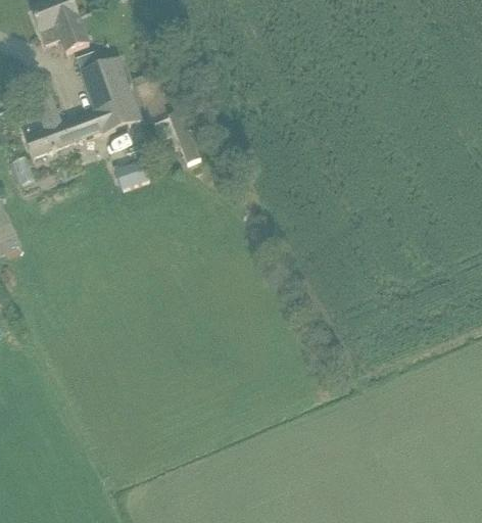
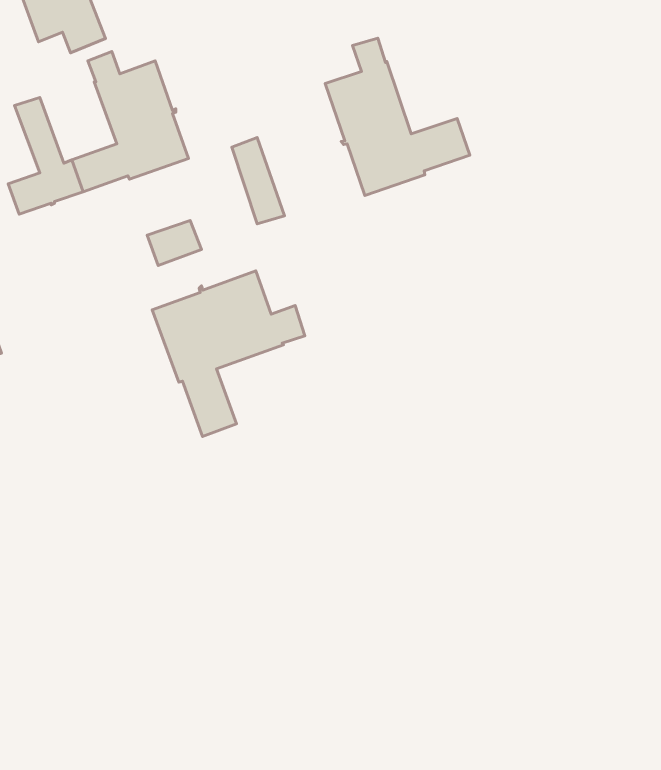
building: none -> [325,38,470,196]
building: none -> [152,271,305,436]

